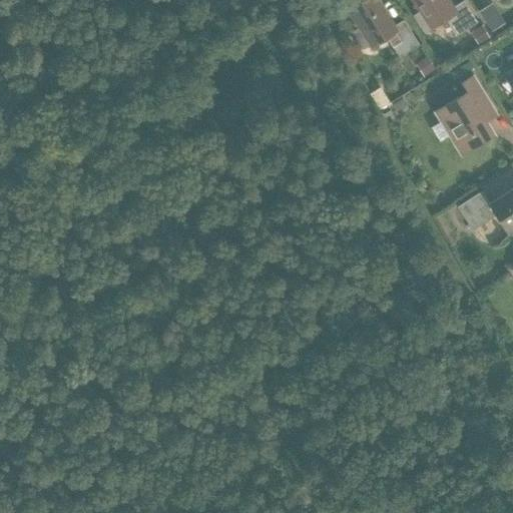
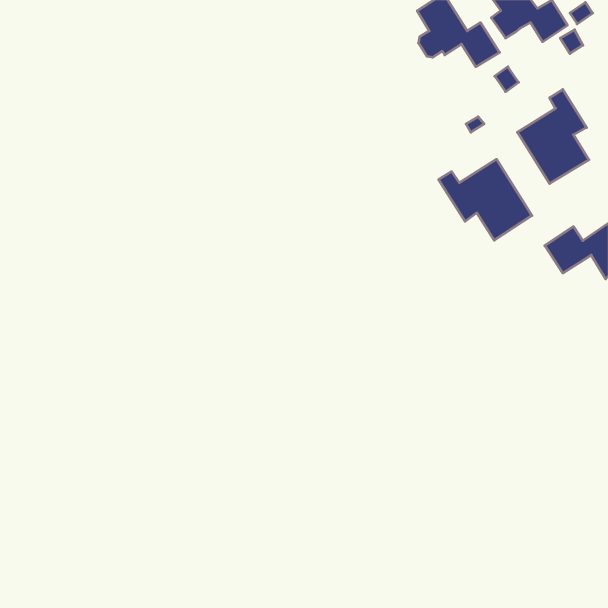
building: none -> [439,159,532,240]

